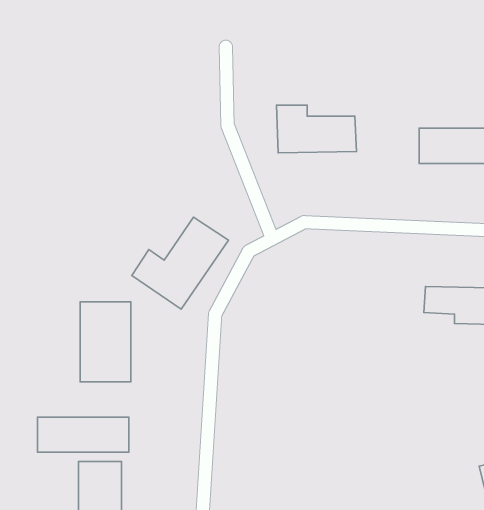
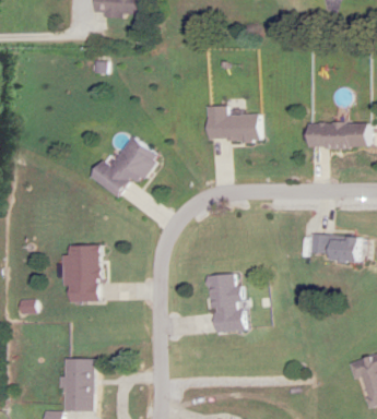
building: [132,217,229,309] -> [89,135,157,201]
building: none -> [208,274,248,332]
building: [37,417,129,452] -> none

